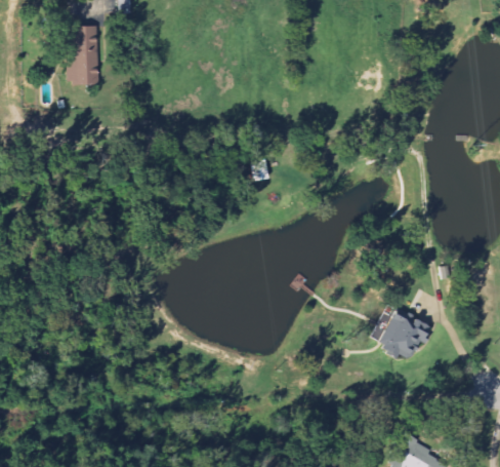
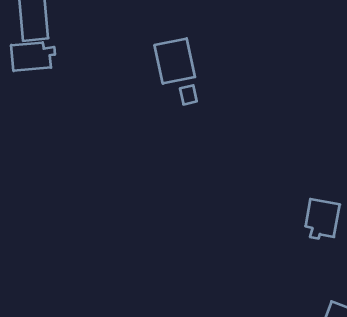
building: none -> [11,42,55,71]
building: none -> [155,38,195,84]

